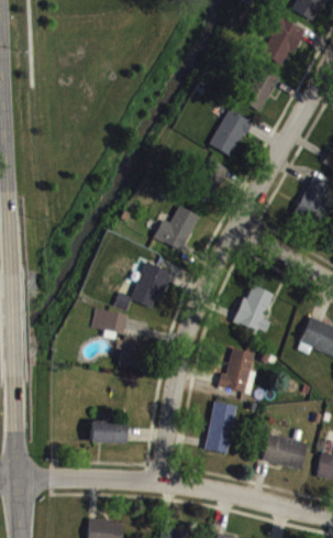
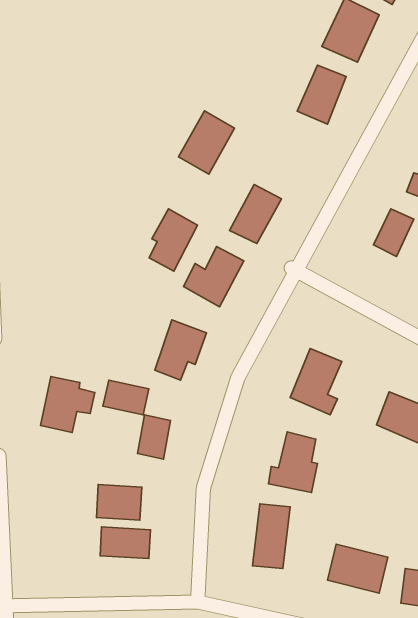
building: [208,109,251,157] -> [178,111,235,174]
building: none -> [149,209,198,271]
building: none -> [41,376,95,433]
building: none -> [96,485,142,520]

